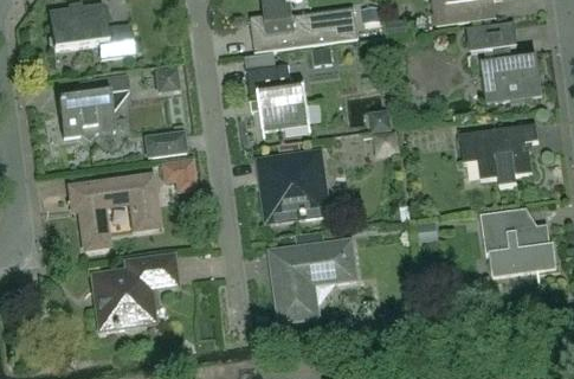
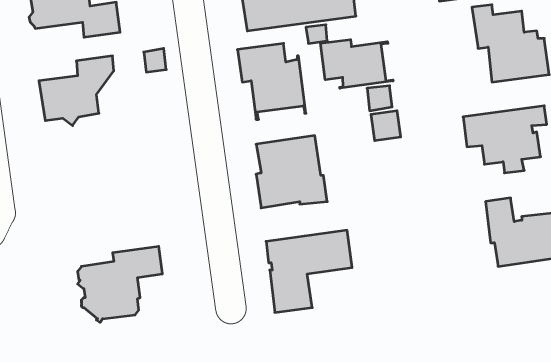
building: none -> [320,40,393,88]
building: [144,131,186,158] -> none
building: [162,161,194,192] -> none
building: [69,175,157,249] -> none

